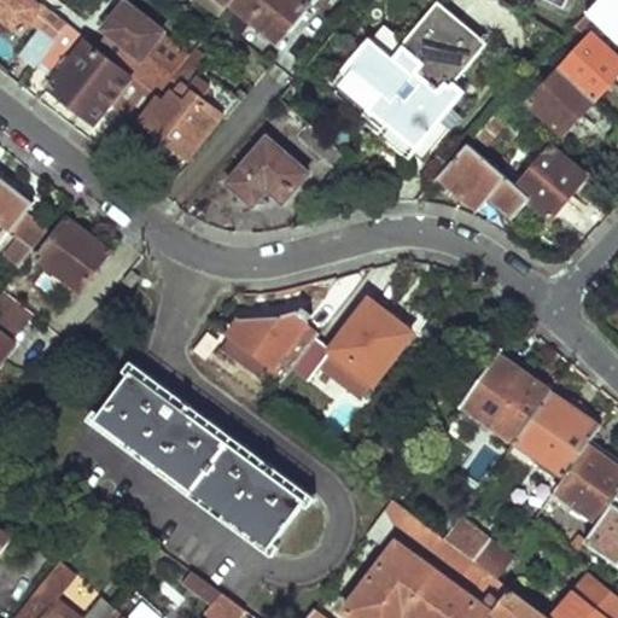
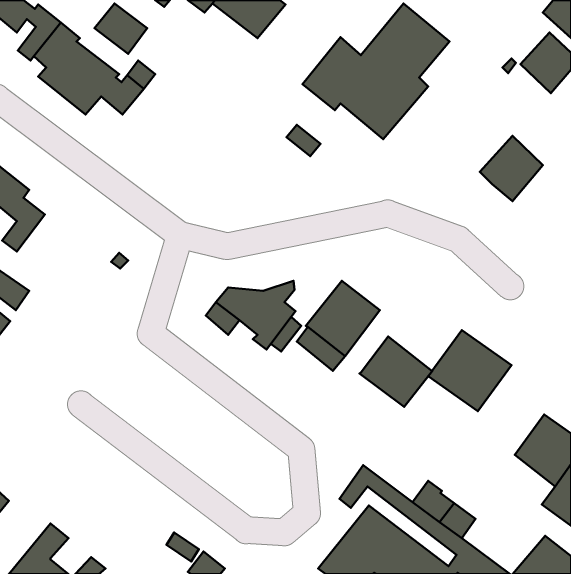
building: [138,53,229,158] -> none
building: [527,69,591,133] -> none
building: [225,138,305,205] -> none
building: [437,144,529,216] -> none
building: [35,216,112,292] -> none
building: none -> [359,337,432,407]
building: [97,372,305,547] -> none
building: [513,392,597,477] -> none

